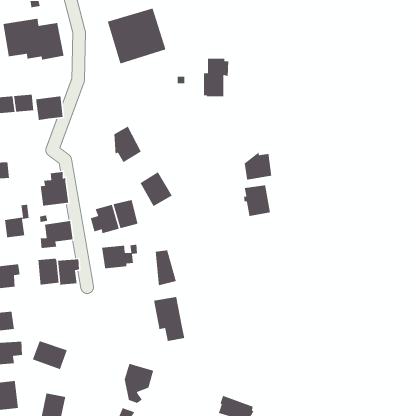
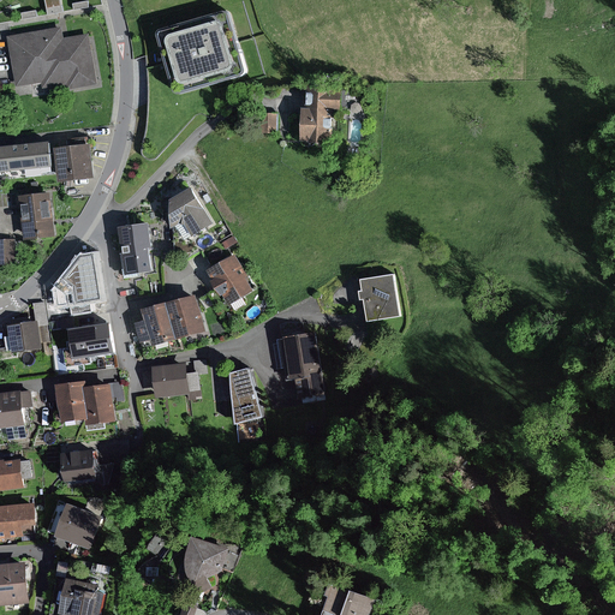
building: none -> [16,192,52,239]
building: none -> [118,221,150,274]
building: [244,151,272,181] -> none
building: [153,296,185,342] -> [277,330,324,398]
building: none -> [58,449,96,482]

